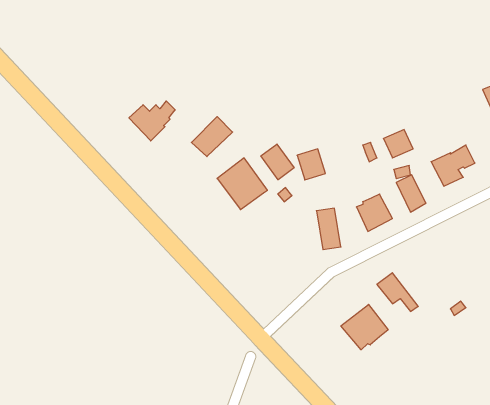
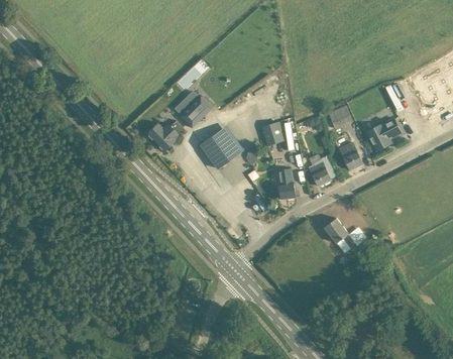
building: [129,101,175,141] -> [145,120,182,151]
building: [261,144,294,180] -> none
building: [341,304,388,350] -> none

